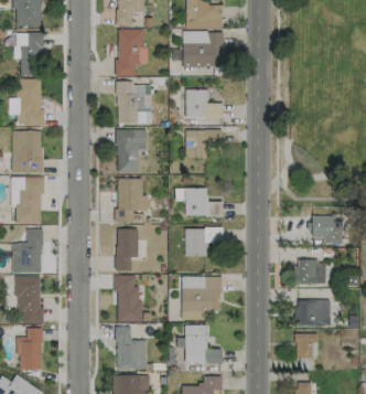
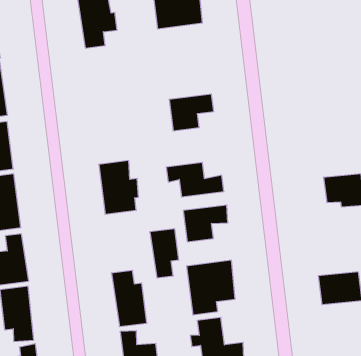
building: [117,84,152,124] -> none
building: [185,89,223,118] -> none
building: [116,129,148,173] -> none
building: [116,230,138,270] -> [150,229,179,278]
building: [295,260,326,285] -> none
building: [295,333,319,359] -> none

